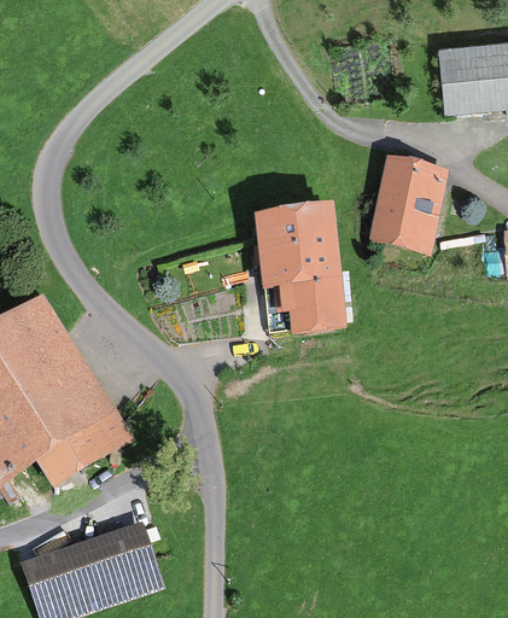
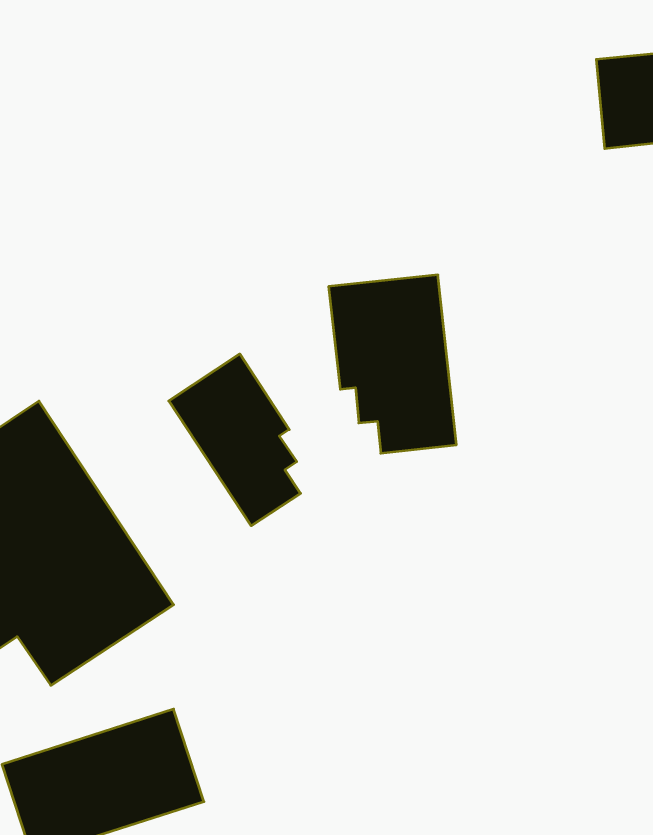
building: [369,161,446,252] -> none
building: none -> [169,354,301,526]

